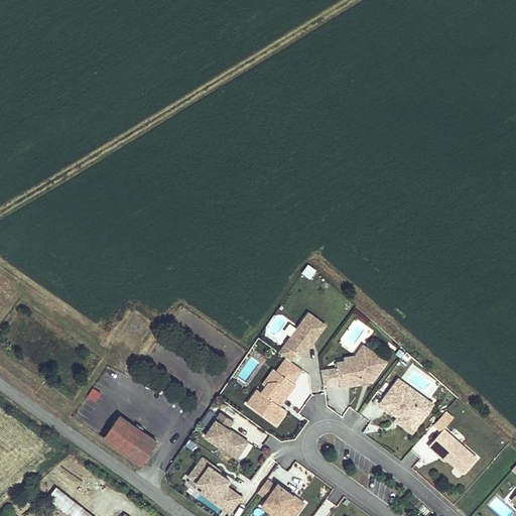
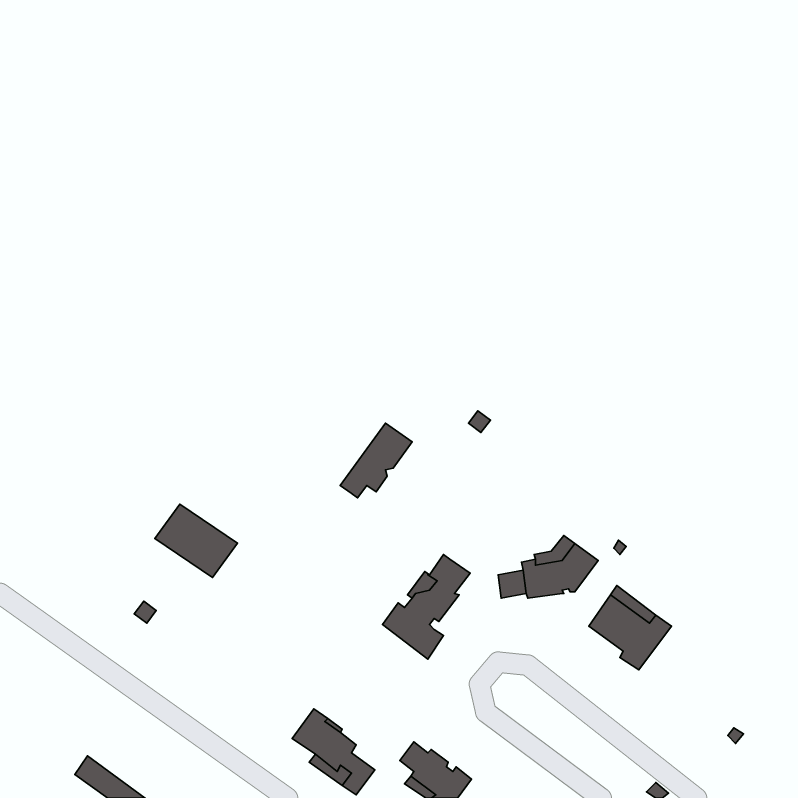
building: [279,312,326,361] -> [340,423,412,498]
building: [205,412,248,458] -> none
building: [104,416,157,464] -> [155,504,238,577]
building: [428,428,477,474] -> none

